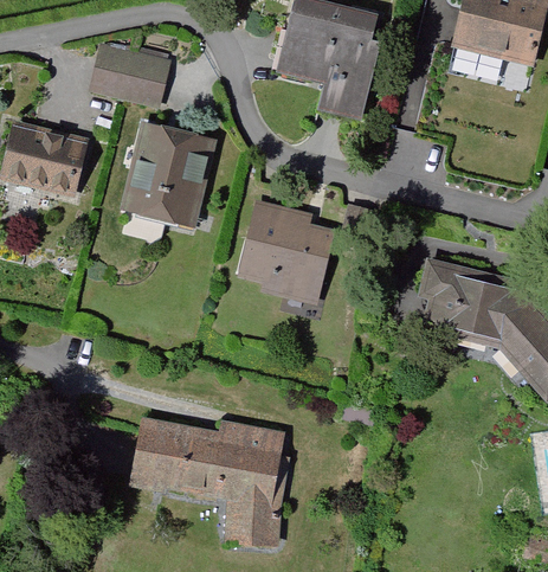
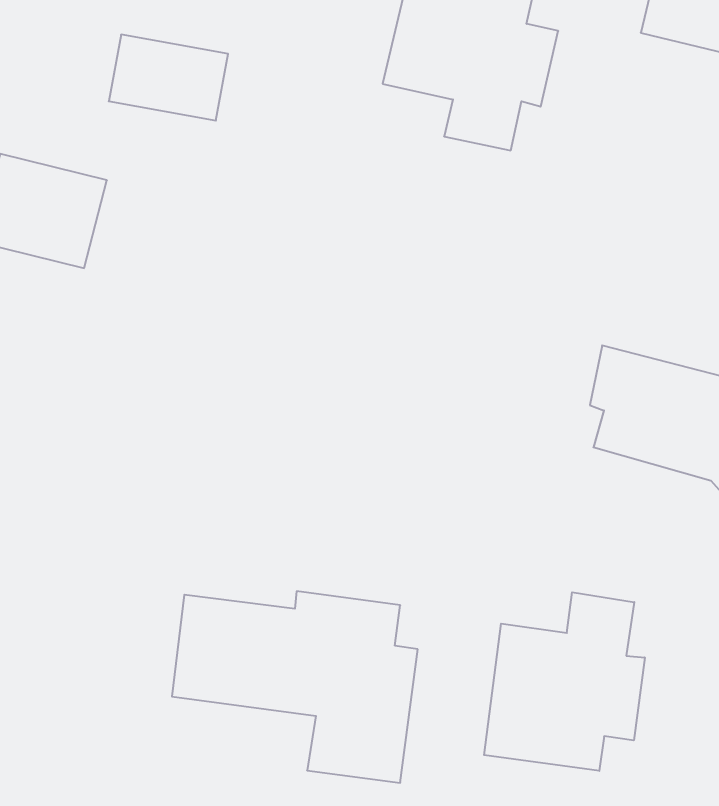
building: [121,122,219,229] -> none
building: [237,199,336,307] -> none
building: none -> [484,592,645,771]

